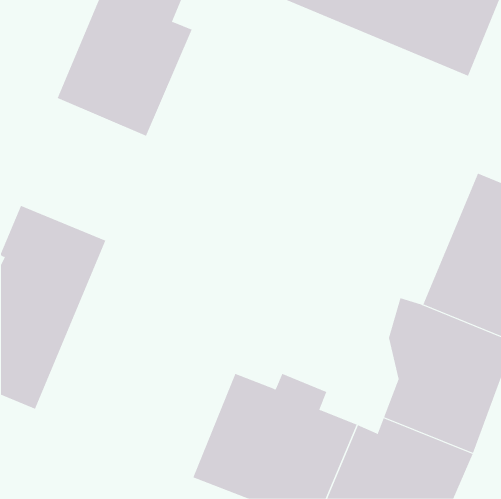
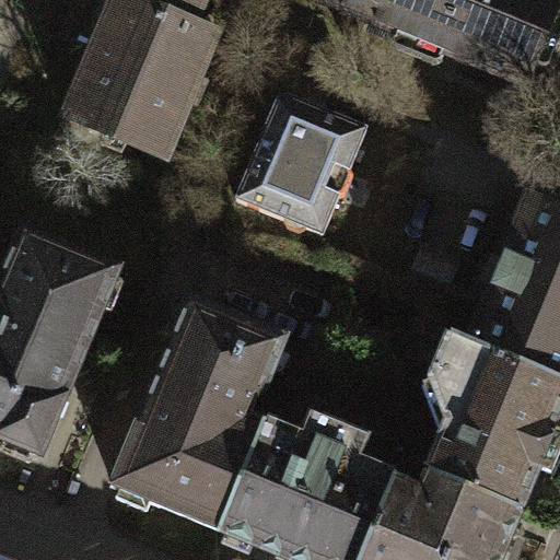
building: none -> [235,95,362,231]
building: none -> [108,295,295,532]

